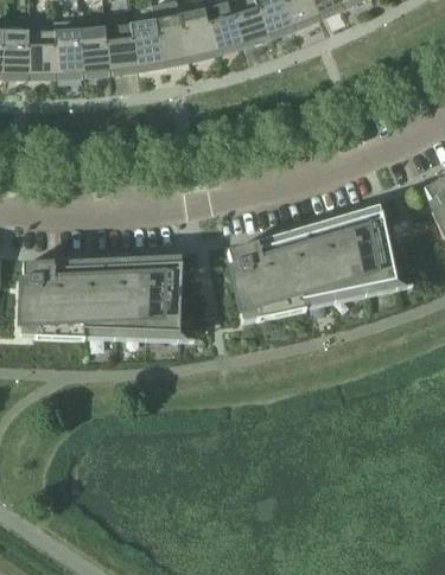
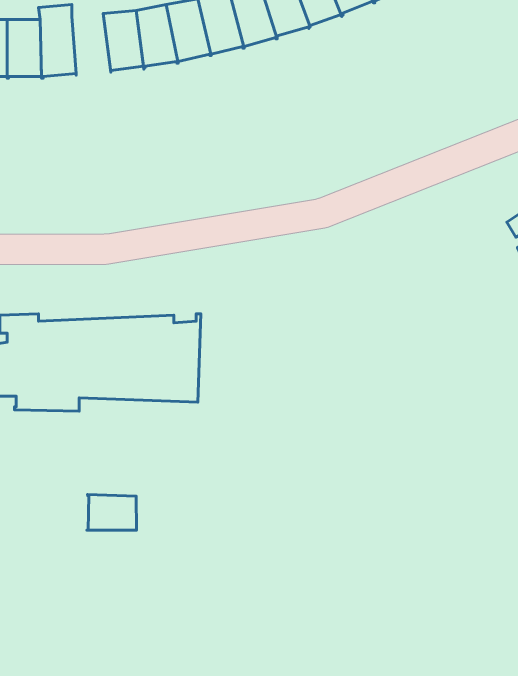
building: [80,25,110,74] -> none
building: [227,211,395,319] -> none
building: none -> [87,494,136,530]

